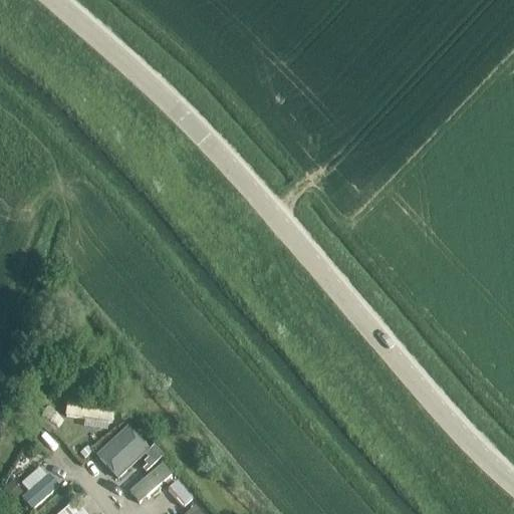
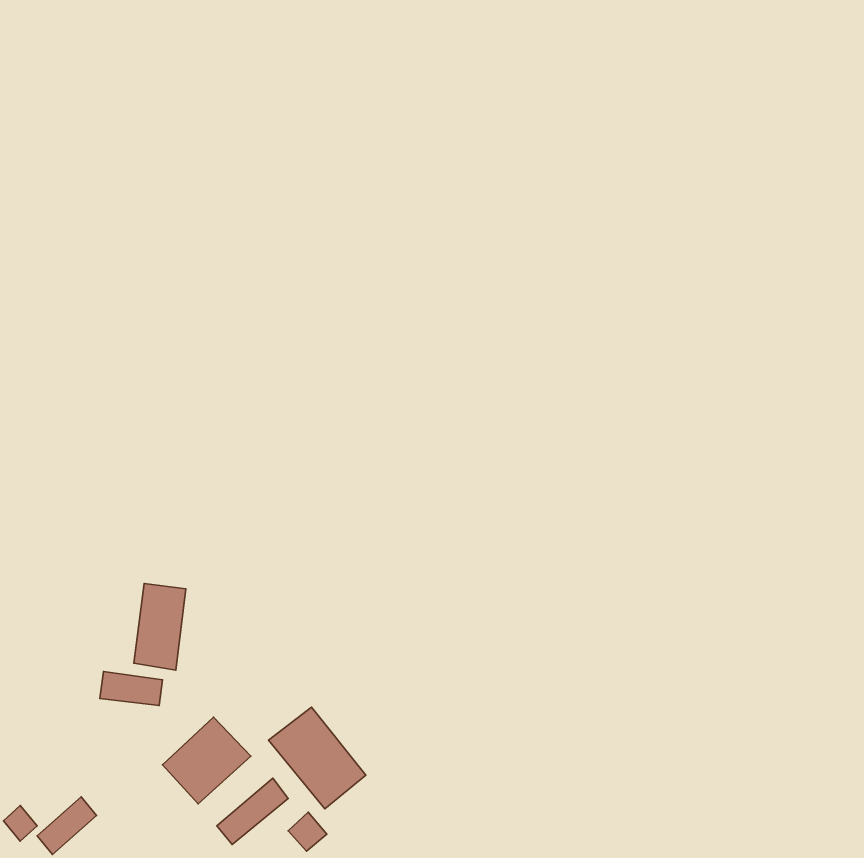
building: none -> [134,584,186,670]
building: none -> [269,707,366,809]

